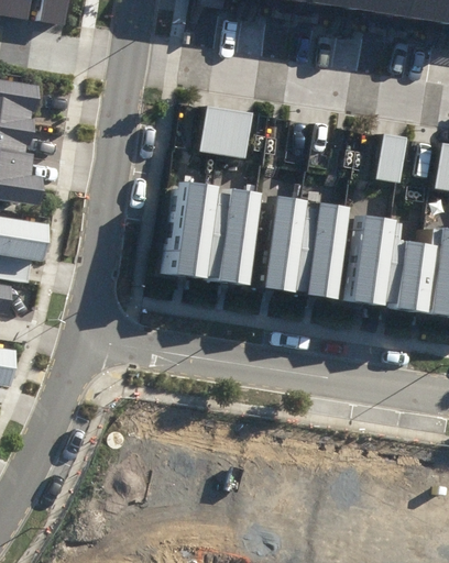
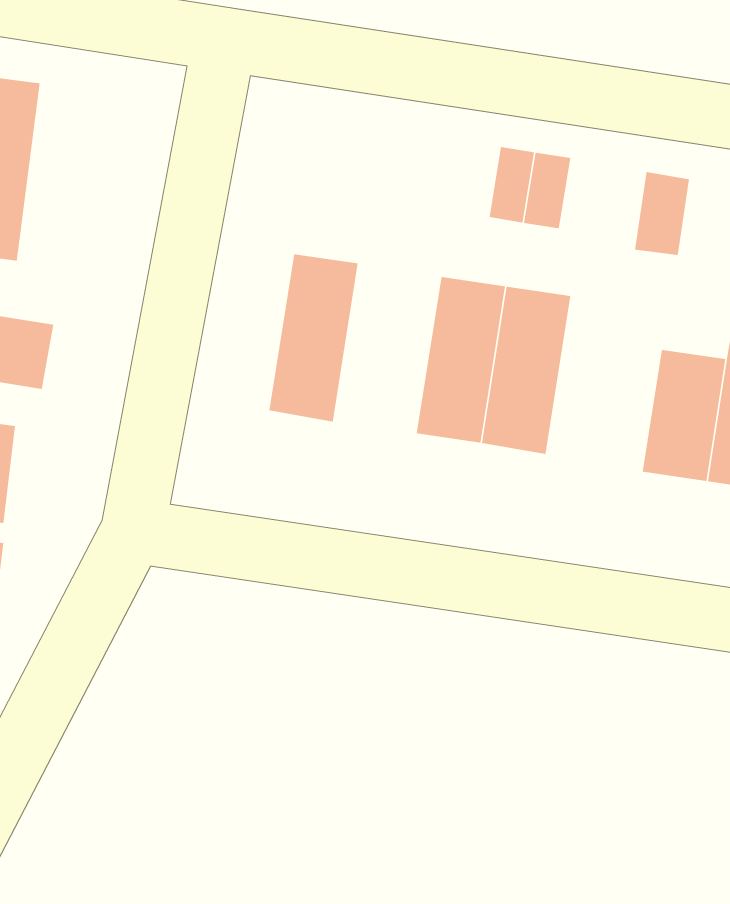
building: [202,108,251,157] -> none
building: [202,187,254,284] -> none
building: [342,210,394,307] -> none

